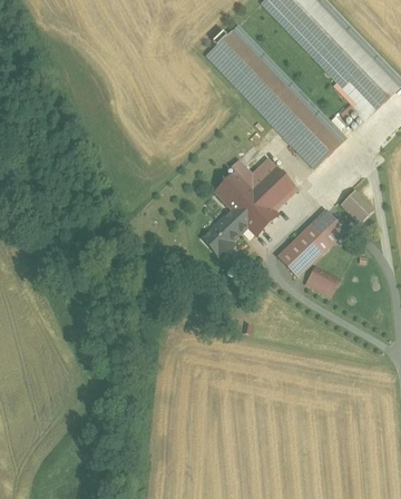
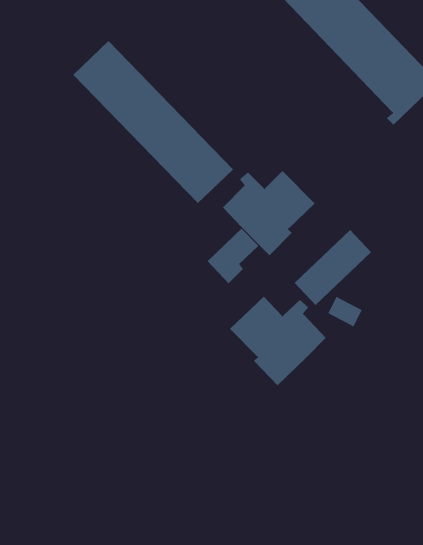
building: [205,25,345,167] -> [73,40,234,204]
building: [341,189,374,223] -> none
building: none -> [229,296,327,386]

